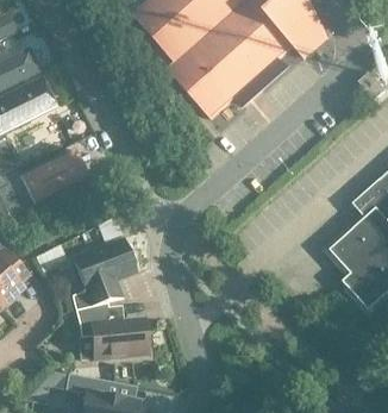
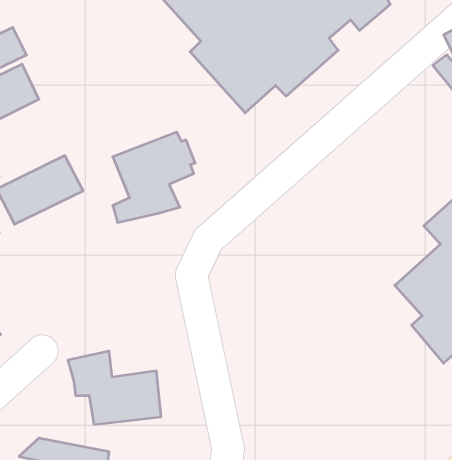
building: [71,238,136,308] -> [113,132,195,222]

